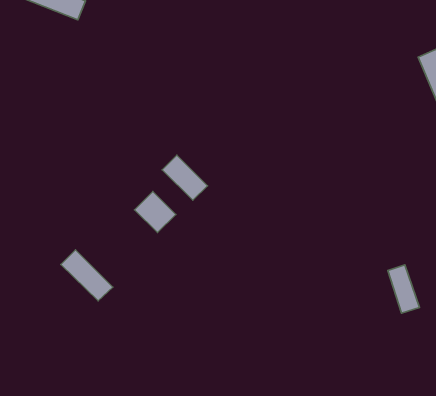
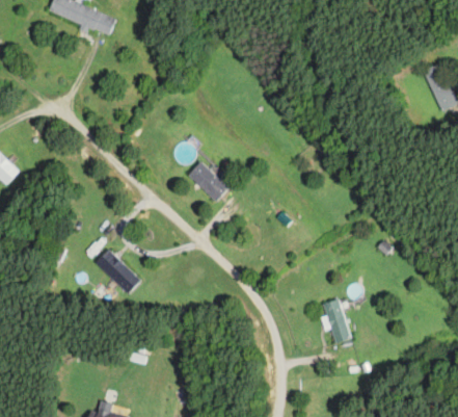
building: [135,192,176,233] -> none
building: [388,265,419,313] -> [323,298,352,343]

